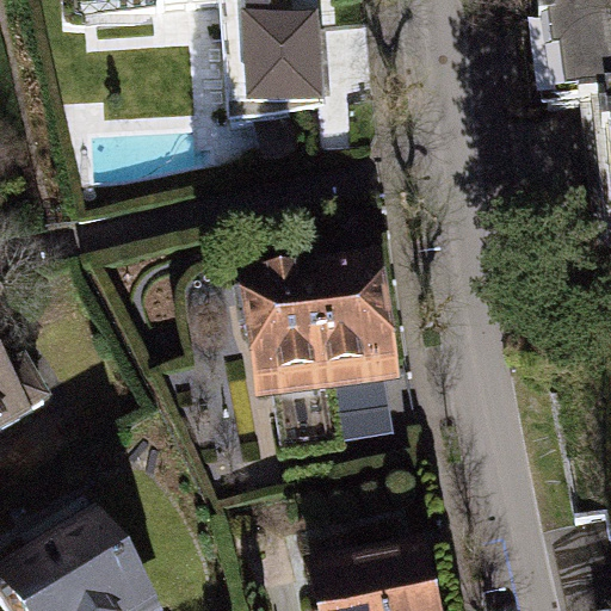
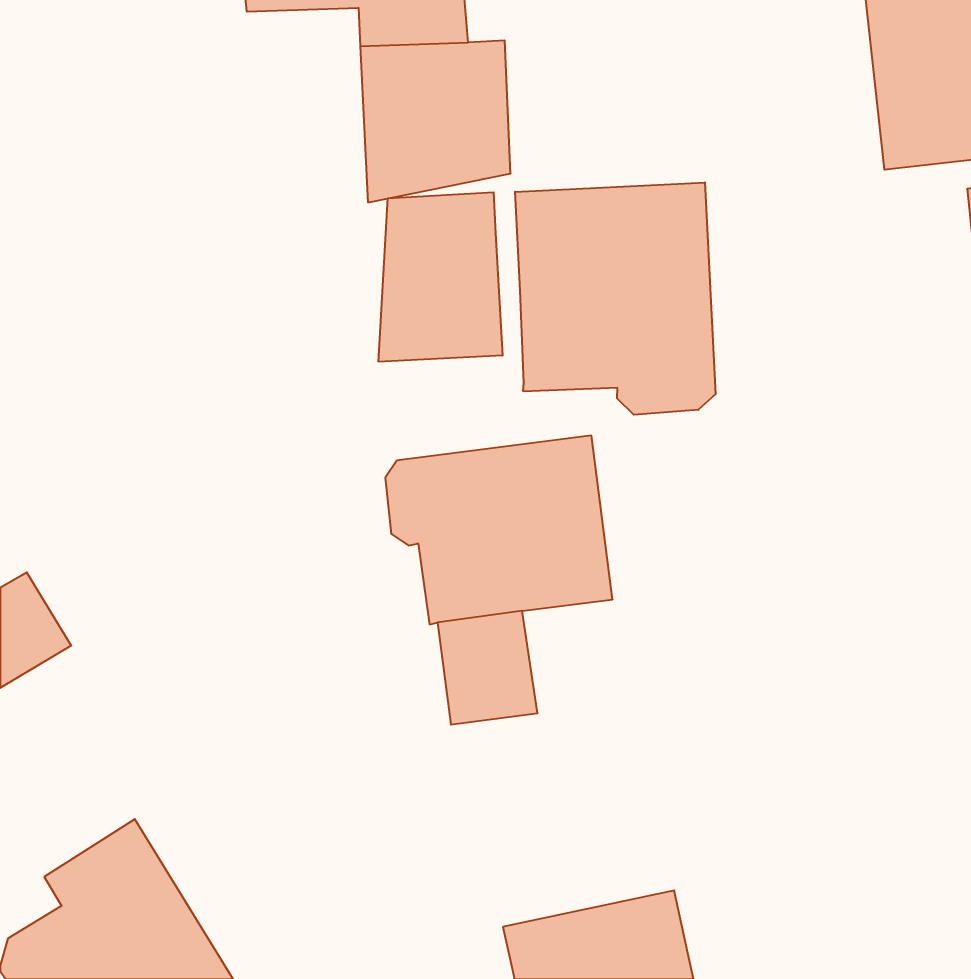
building: none -> [515,182,716,415]
building: none -> [379,192,503,362]

